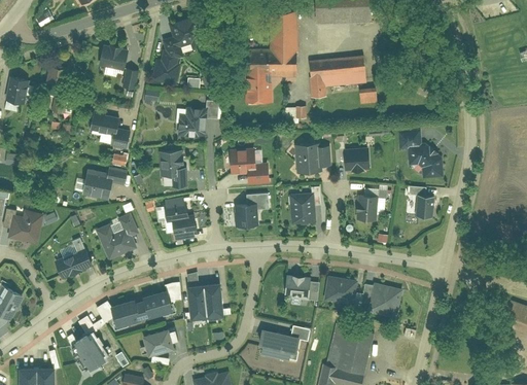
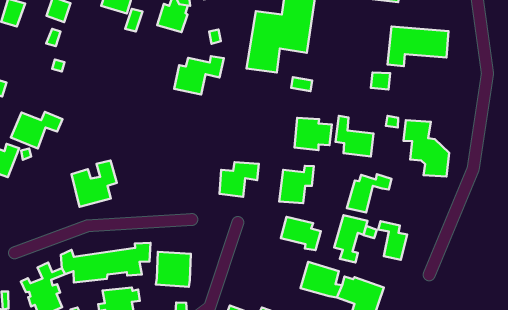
building: [306,61,361,101] -> [388,26,449,66]
building: [87,112,124,151] -> none
building: [230,147,269,183] -> none
building: [160,149,188,186] -> none
building: [82,165,128,200] -> [11,112,62,148]
building: [407,186,434,219] -> [378,221,407,260]
building: [165,198,206,243] -> none
building: none -> [334,215,368,262]
building: [55,238,92,279] -> none
building: [284,274,320,301] -> [281,217,321,250]

